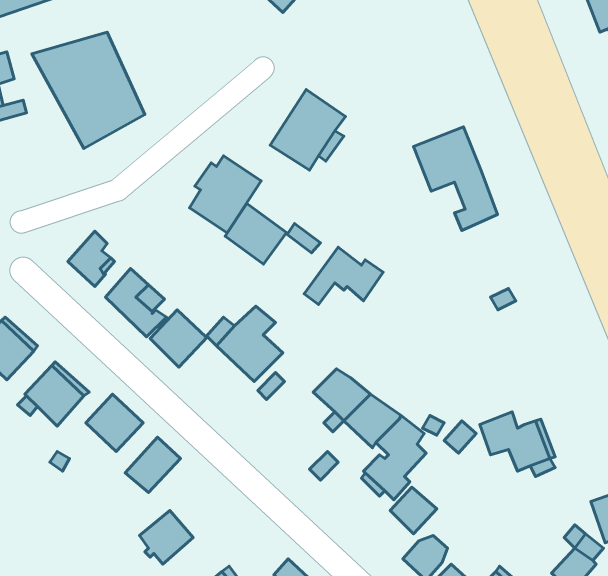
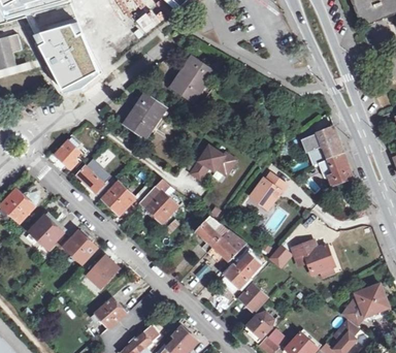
building: [413,127,498,231] -> [303,126,352,186]
building: [225,204,320,264] -> none
building: none -> [250,173,287,210]

